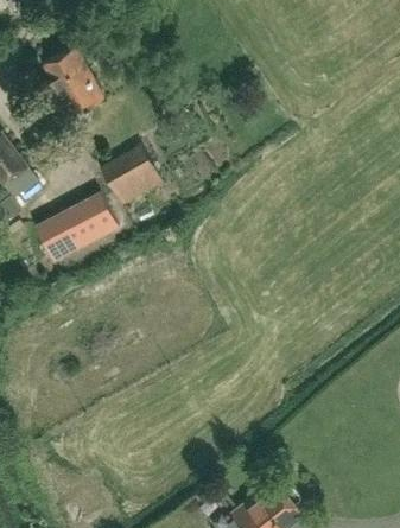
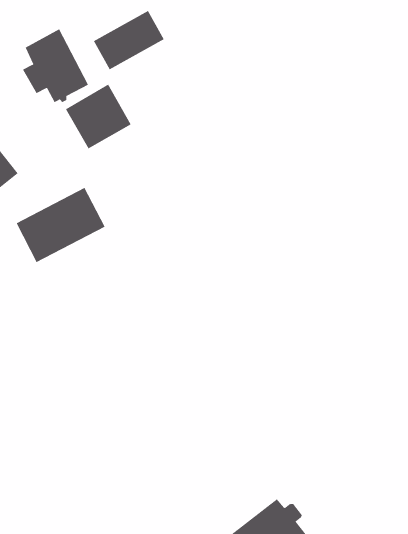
building: none -> [93,10,165,70]
building: [100,144,161,204] -> [65,84,132,149]

